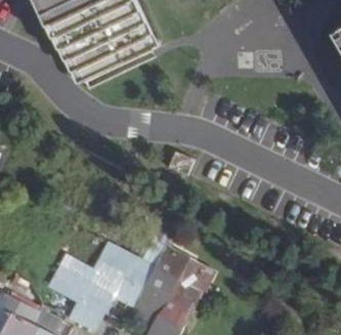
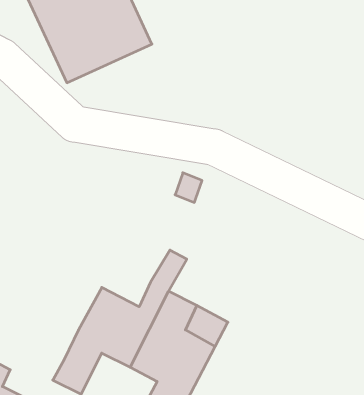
building: [51,252,92,301] -> none

